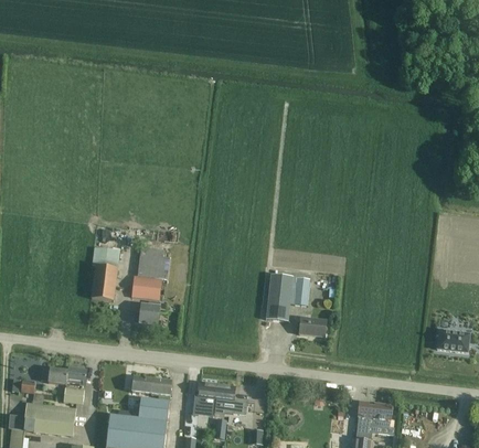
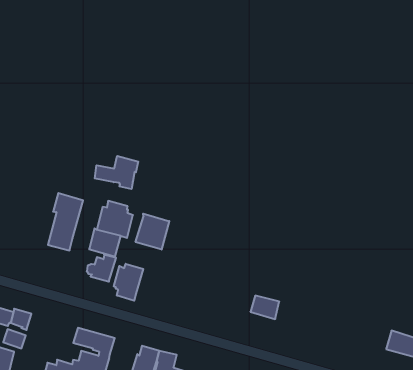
building: none -> [95,156,138,189]
building: none -> [136,214,169,250]
building: [265,275,309,322] -> none
building: none -> [114,264,143,301]

